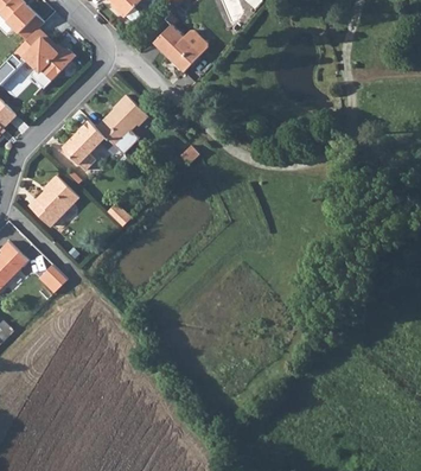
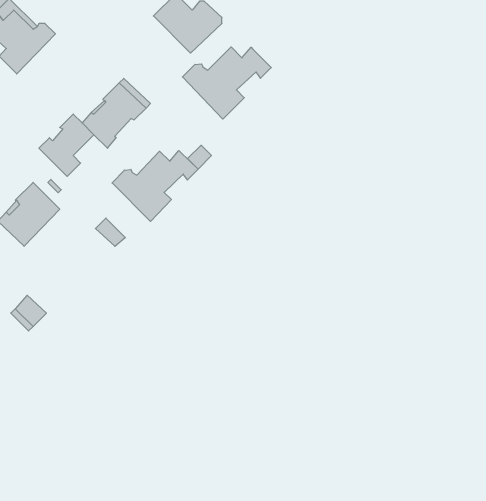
building: none -> [182,47,271,119]
building: none -> [112,151,198,221]

